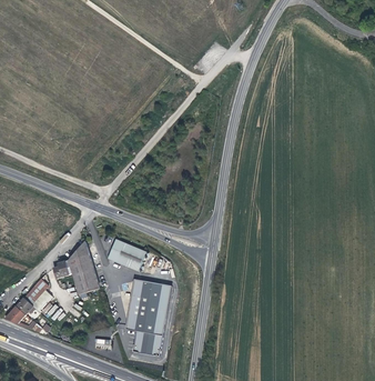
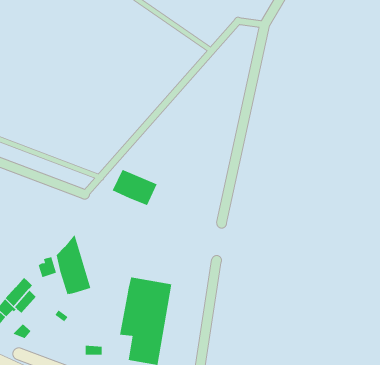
building: [108,239,148,271] -> [112,169,158,206]

